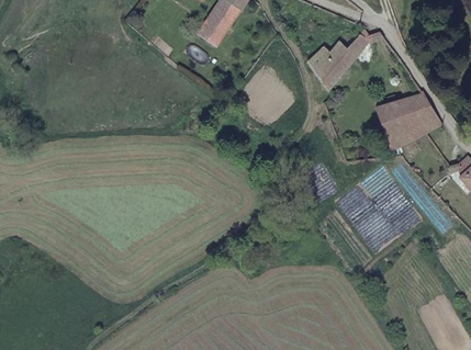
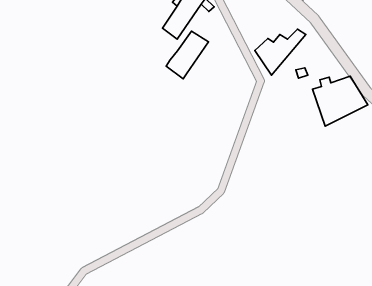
building: none -> [166,31,209,79]

